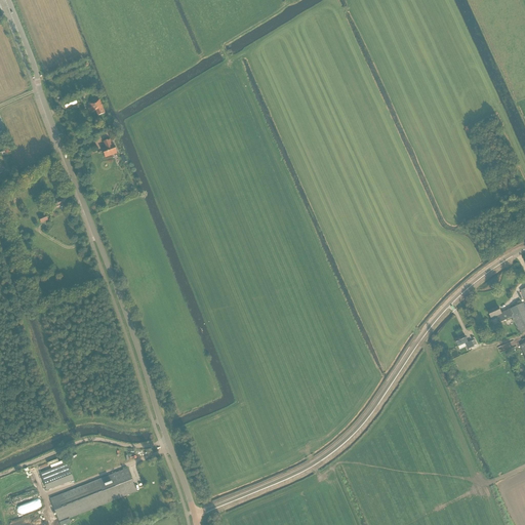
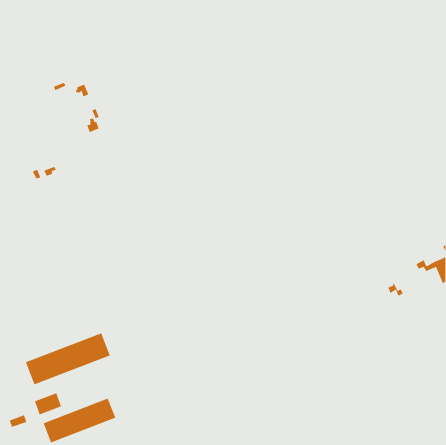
building: none -> [25,332,110,385]

